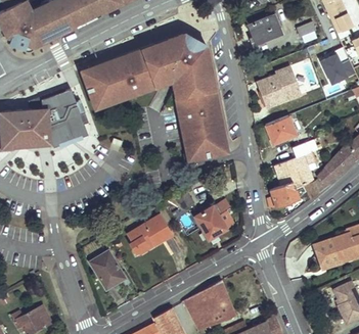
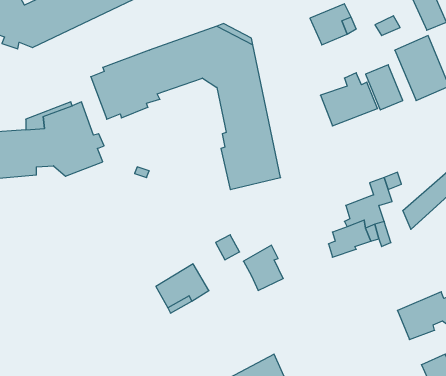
building: [135,70,182,108] -> none
building: [265,116,297,147] -> none
building: [89,252,126,292] -> none

